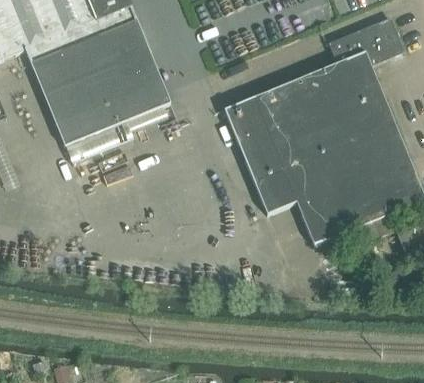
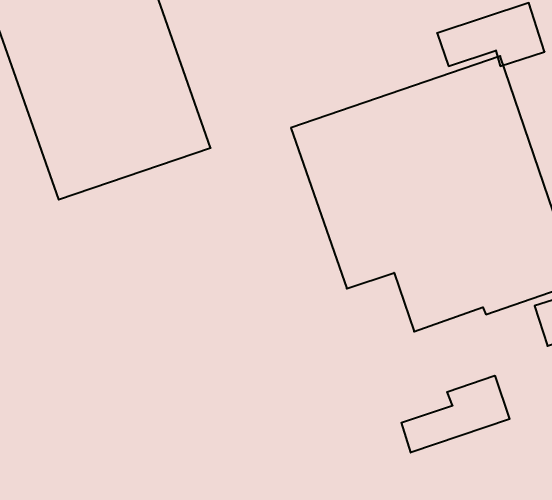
building: none -> [401,376,510,453]

